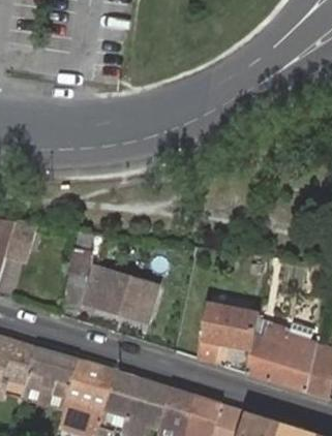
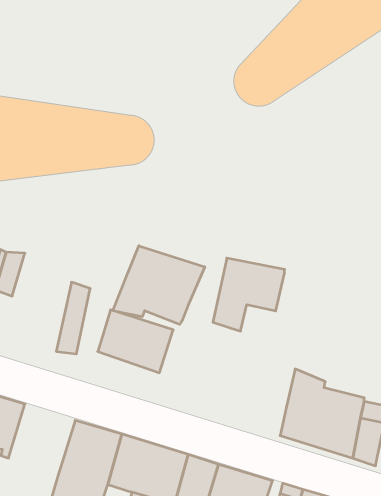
building: none -> [113,246,205,324]
building: [202,306,261,366] -> [213,258,285,331]
building: [24,347,80,407] -> none

